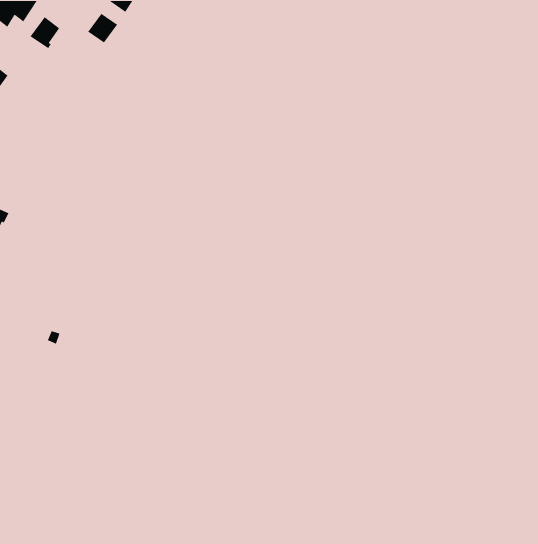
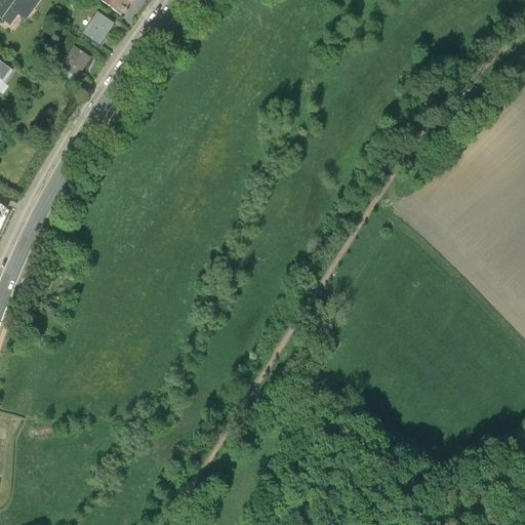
building: [29,16,60,49] -> [60,45,90,77]

